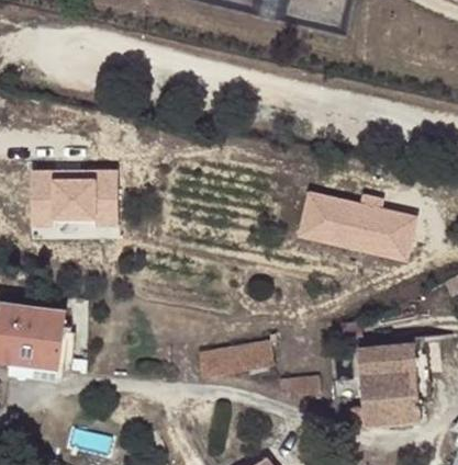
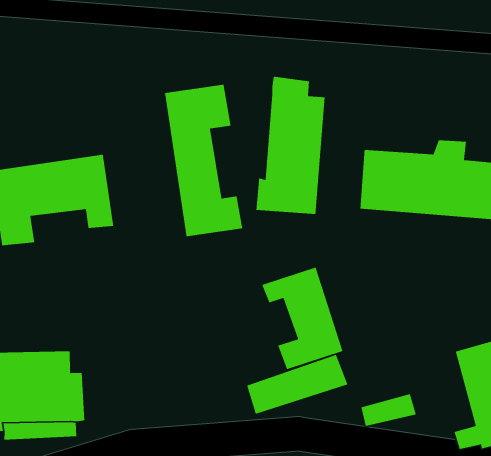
building: none -> [256,76,326,215]
building: none -> [164,84,243,237]
building: none -> [261,267,344,370]

